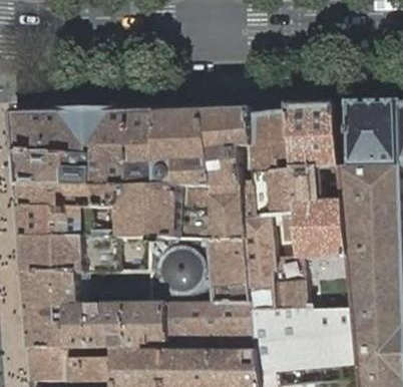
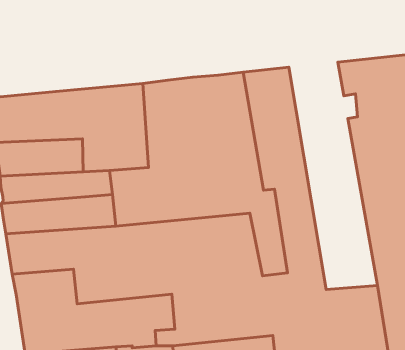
building: [288,103,353,310] -> none

